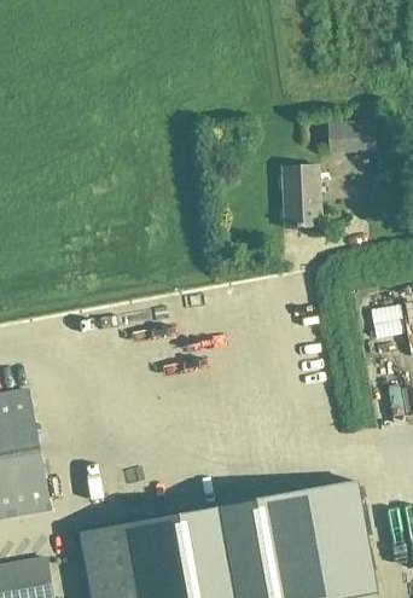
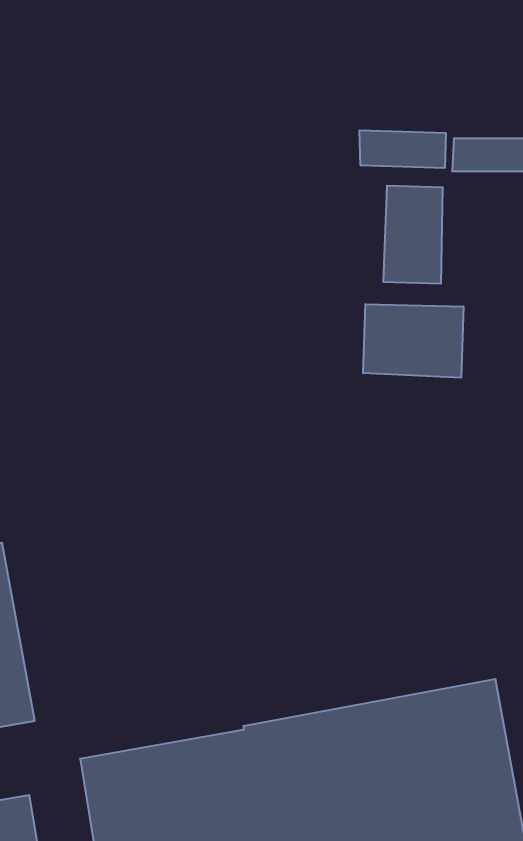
building: none -> [359,130,446,168]
building: none -> [363,304,463,378]

